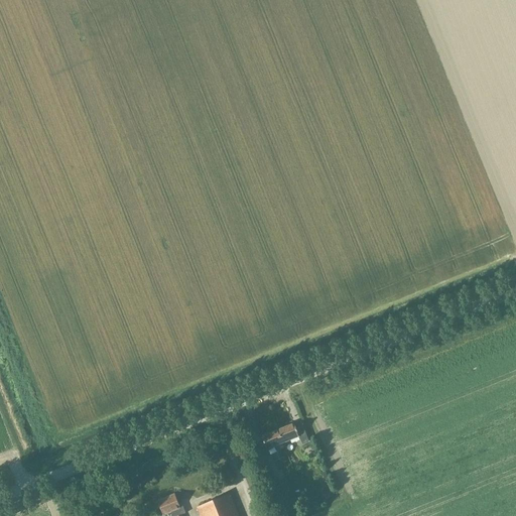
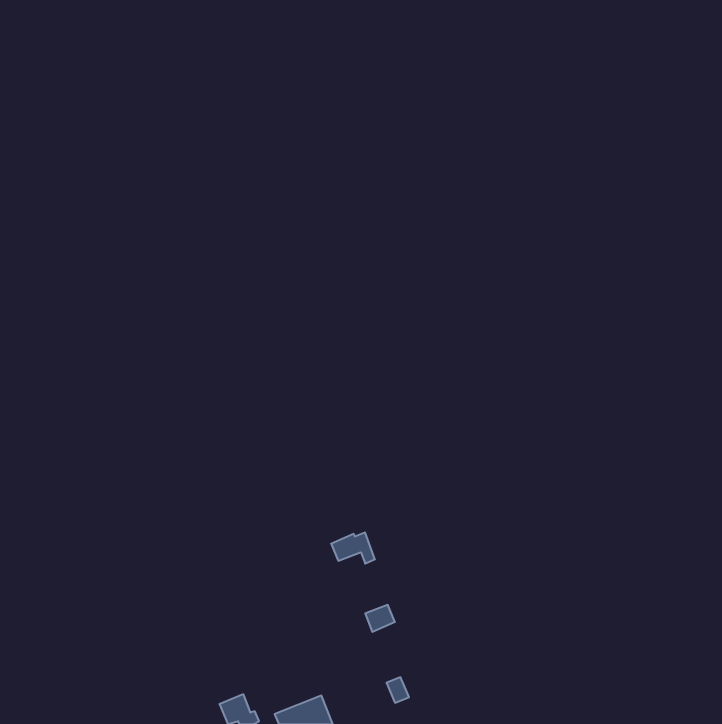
building: [276,422,307,444] -> [331,532,375,564]

